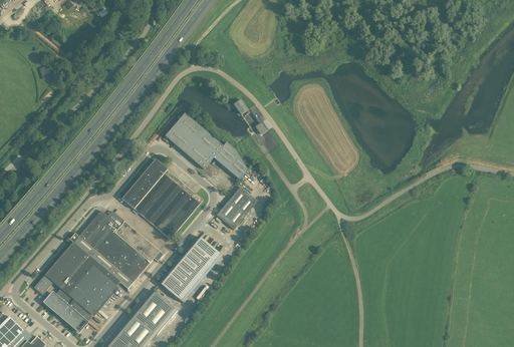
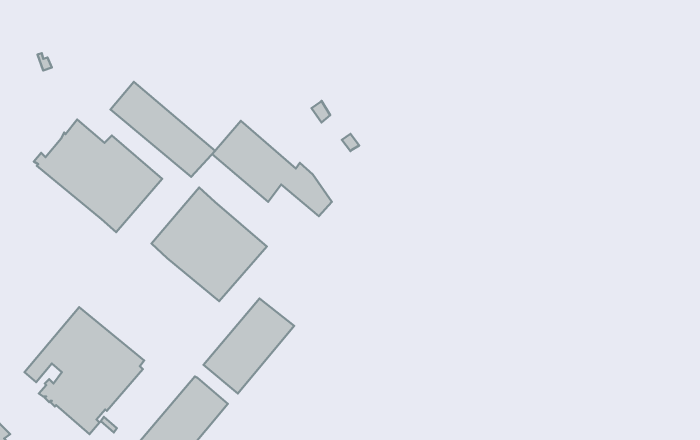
building: none -> [111,82,215,177]
building: [216,187,256,230] -> none
building: [69,211,159,289] -> [34,120,162,232]

